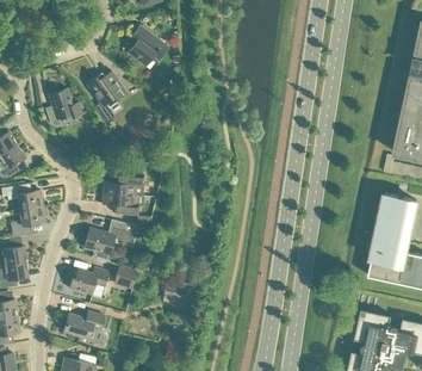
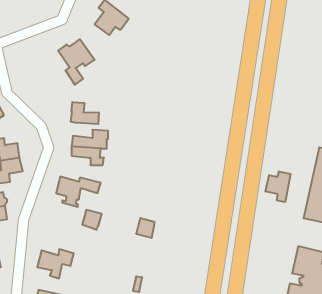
building: [44,88,82,128] -> none
building: none -> [71,102,99,124]
building: none -> [265,171,290,202]
building: [68,267,108,295] -> none

